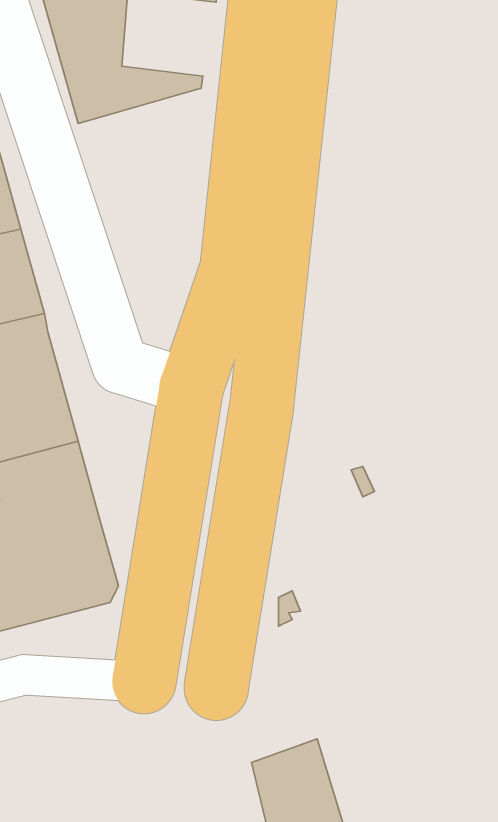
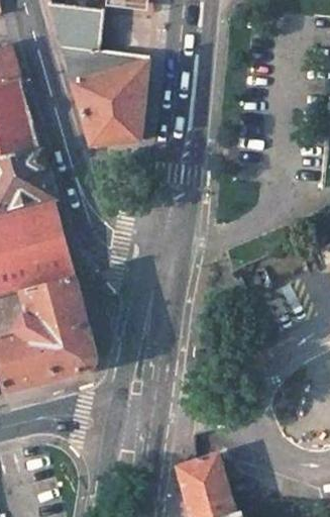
building: none -> [72,63,145,145]

